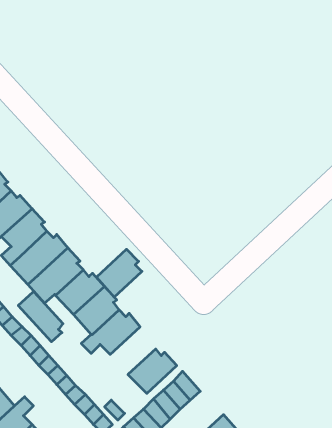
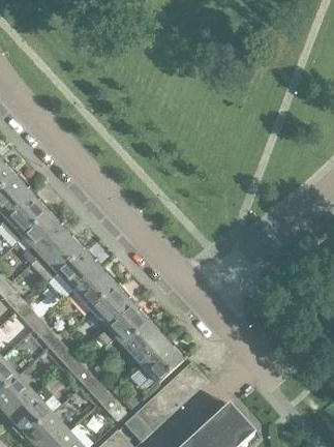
building: [96,249,142,297] -> [123,320,165,364]
building: [18,292,63,342] -> none

